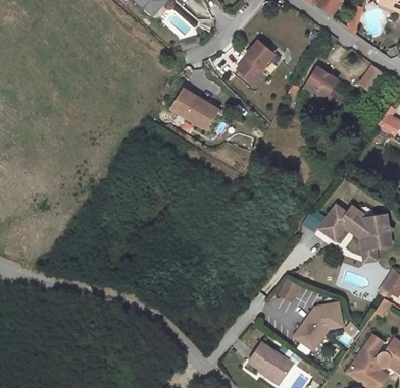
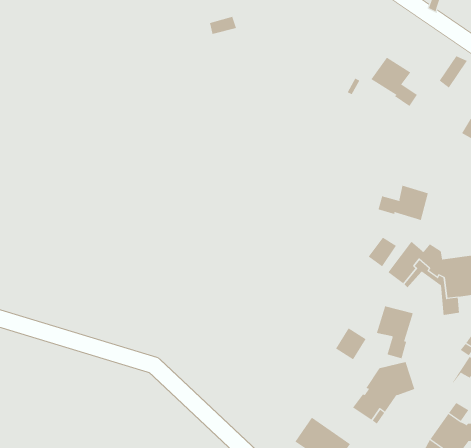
building: [242,35,279,76] -> none
building: [168,88,215,127] -> none
building: none -> [378,185,428,221]
building: none -> [376,306,414,359]

